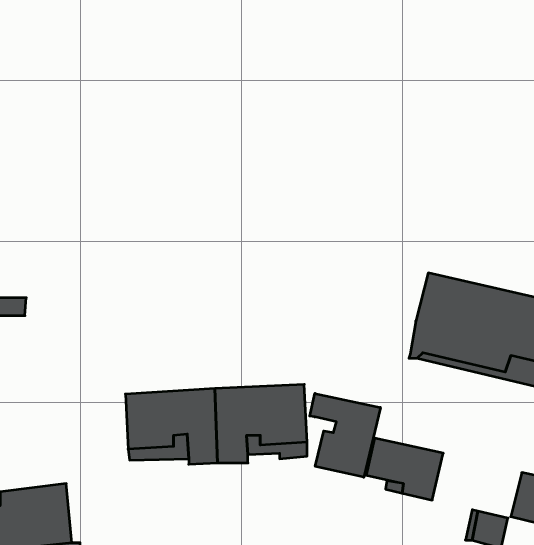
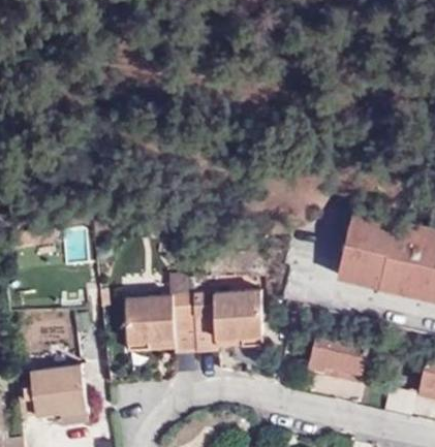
building: [310,393,380,477] -> none

